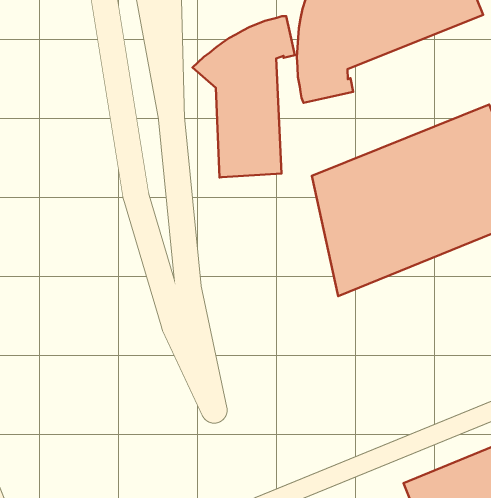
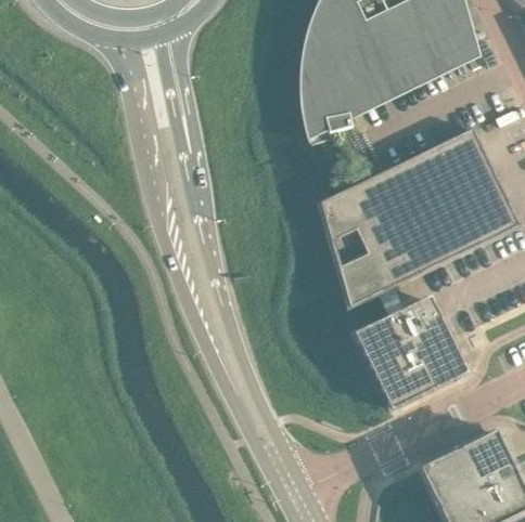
building: [193,16,295,177] -> none
building: none -> [355,296,470,410]

